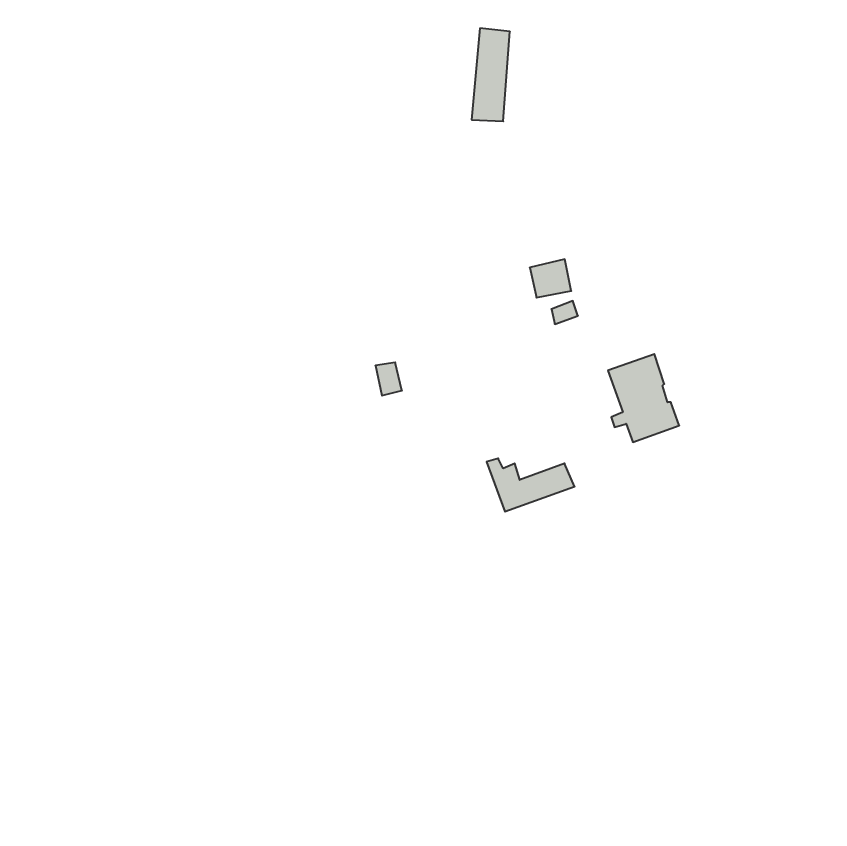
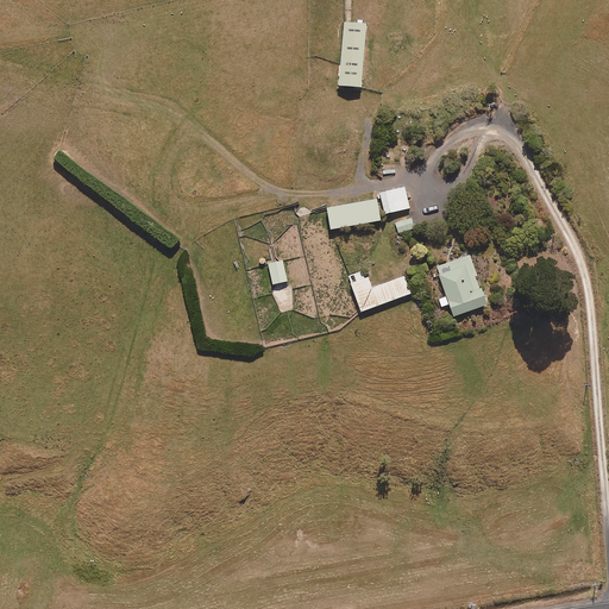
building: none -> [325,200,379,230]
building: [487,458,575,512] -> [347,272,410,310]

